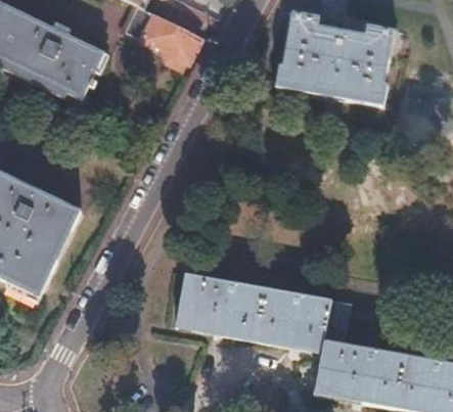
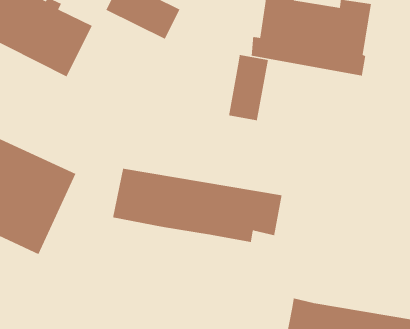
building: none -> [228,54,269,121]
building: [169,273,350,353] -> [112,168,282,243]

